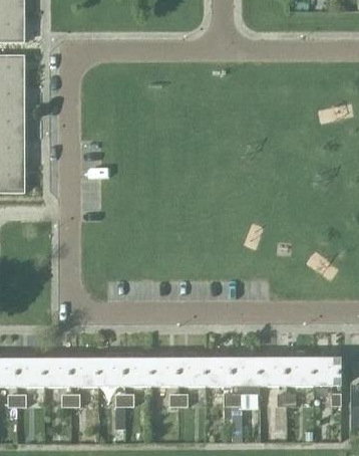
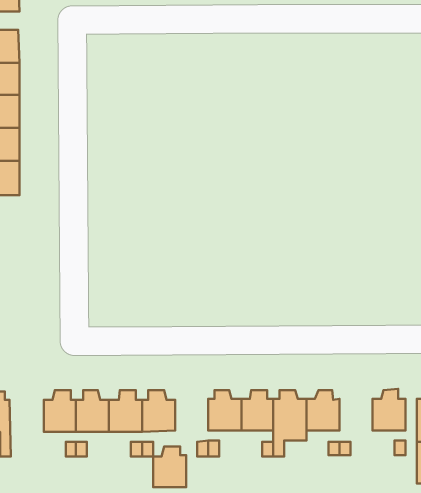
building: [17,353,45,407] -> none
building: [152,353,180,386] -> [153,447,186,487]
building: [287,353,314,386] -> none

